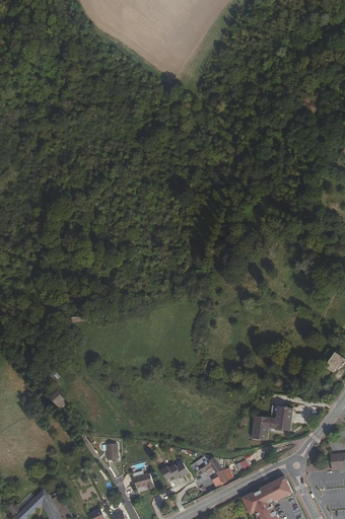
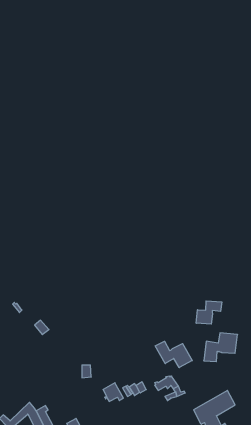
building: none -> [196,301,222,324]
building: none -> [155,341,192,368]

